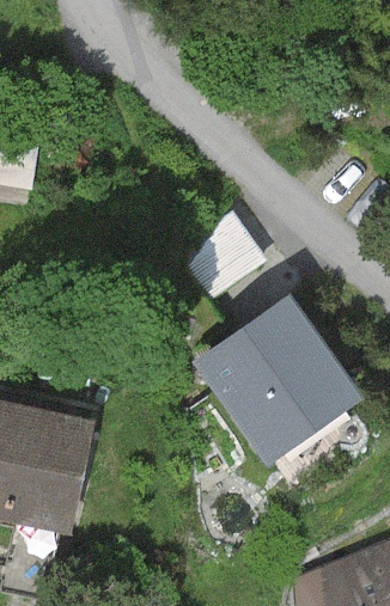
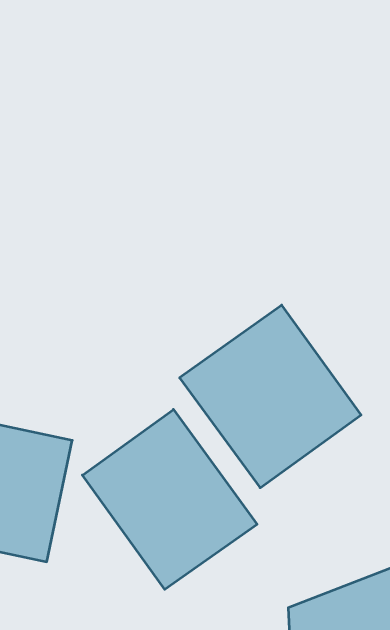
building: none -> [82,409,257,589]

